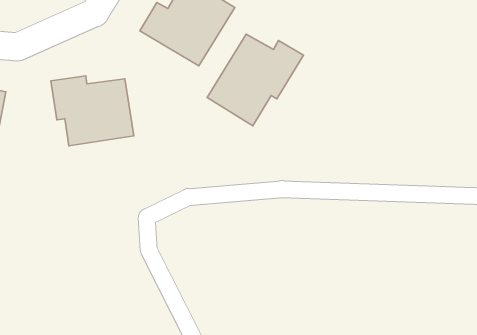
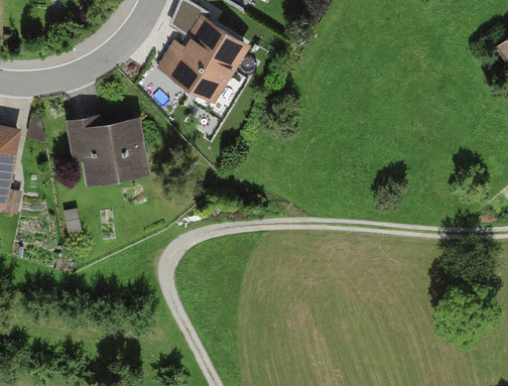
building: [207,34,303,126] -> none

